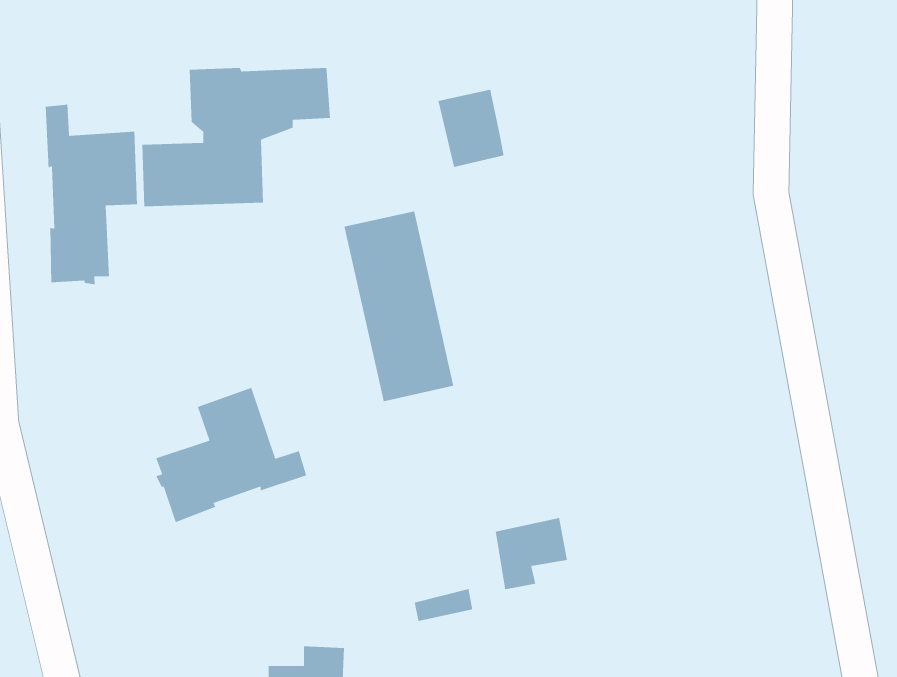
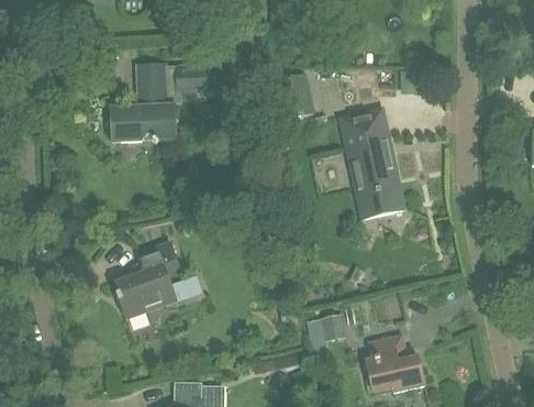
building: [45,104,138,285] -> none
building: [344,211,454,402] -> [341,110,402,217]
building: none -> [366,333,424,390]

